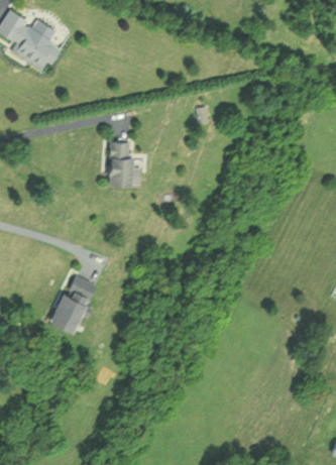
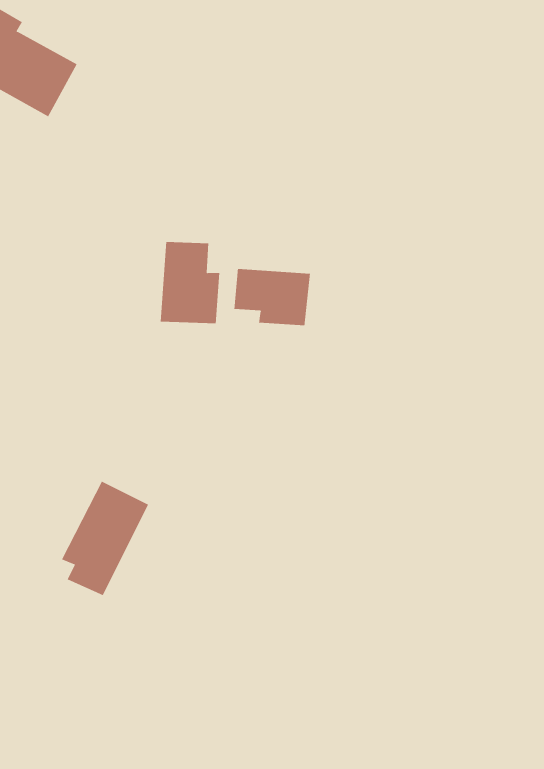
building: none -> [234,268,310,326]

